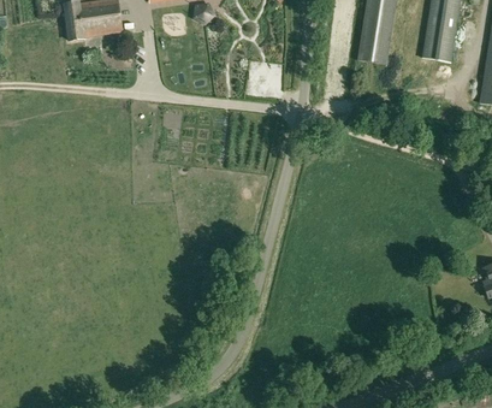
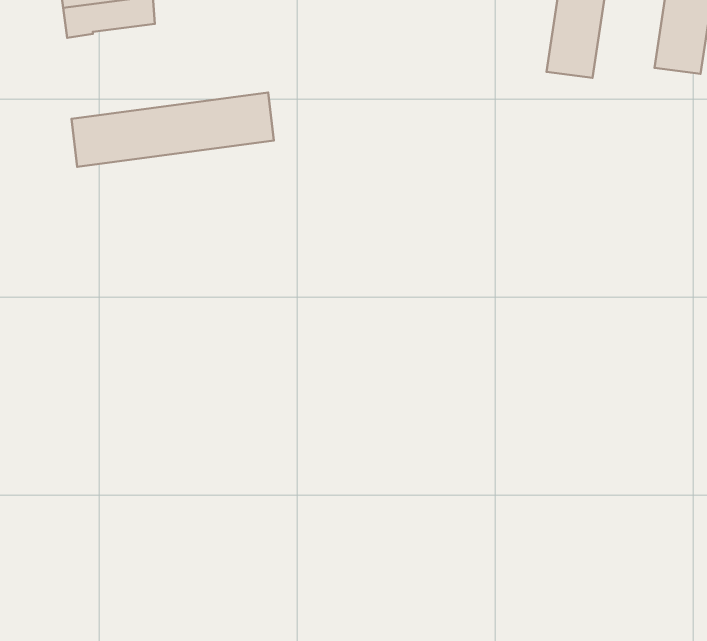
building: none -> [72,93,274,167]

